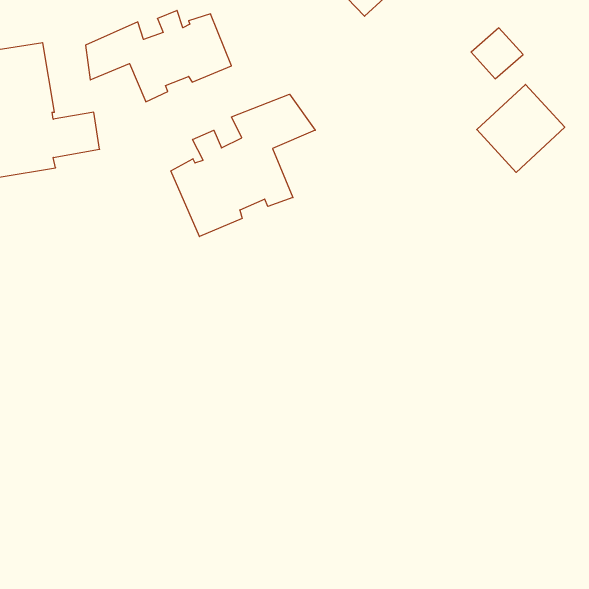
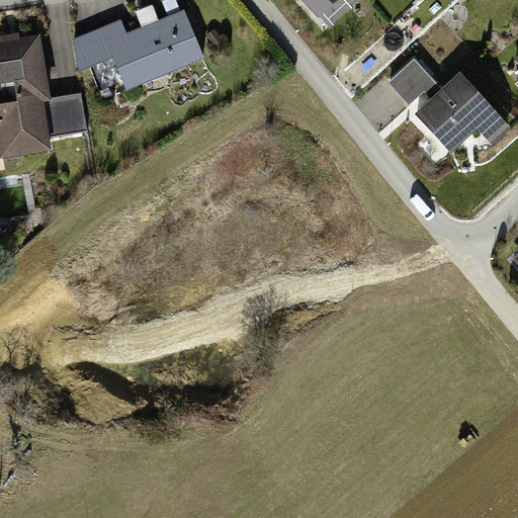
building: [471,28,523,79] -> [390,58,435,102]
building: [171,94,315,237] -> none

